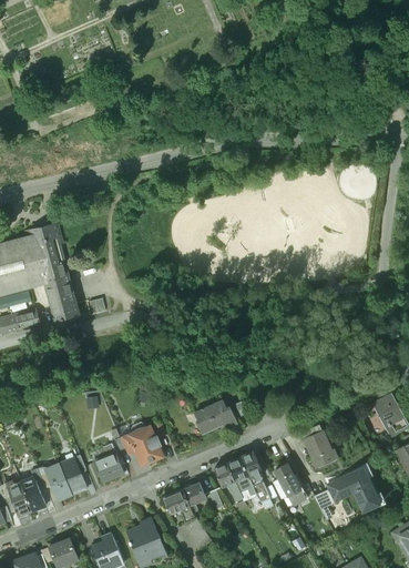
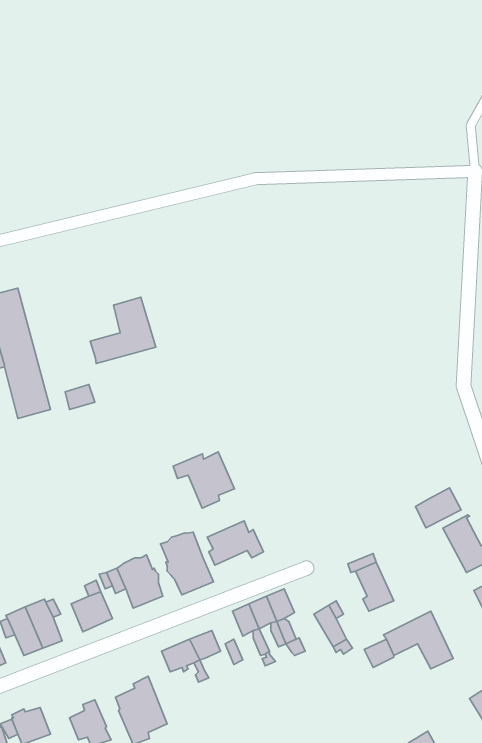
building: none -> [90,297,156,363]
building: none -> [173,452,234,508]
building: none -> [415,488,461,528]
building: none -> [160,532,213,595]

